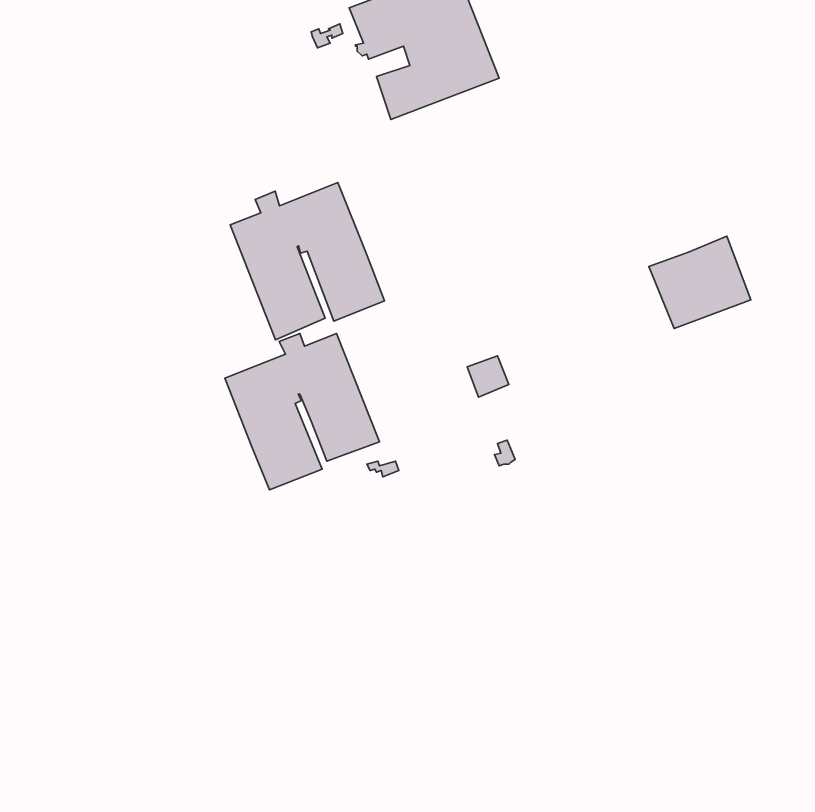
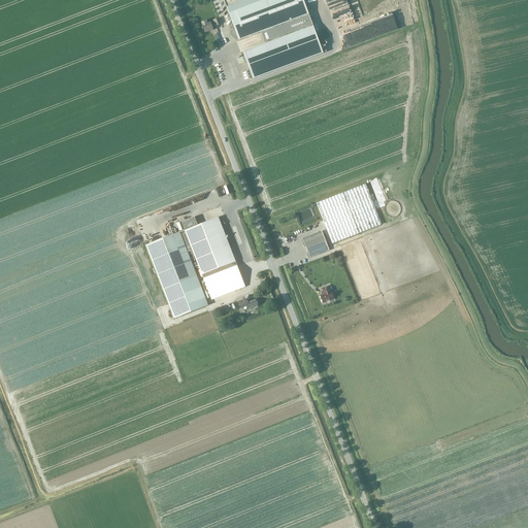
building: [230,182,385,340] -> none
building: [649,236,751,329] -> [316,182,382,241]

